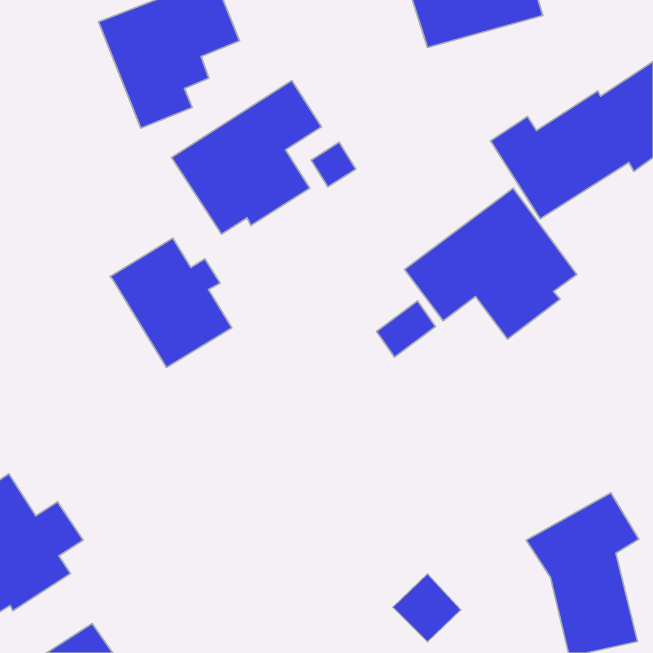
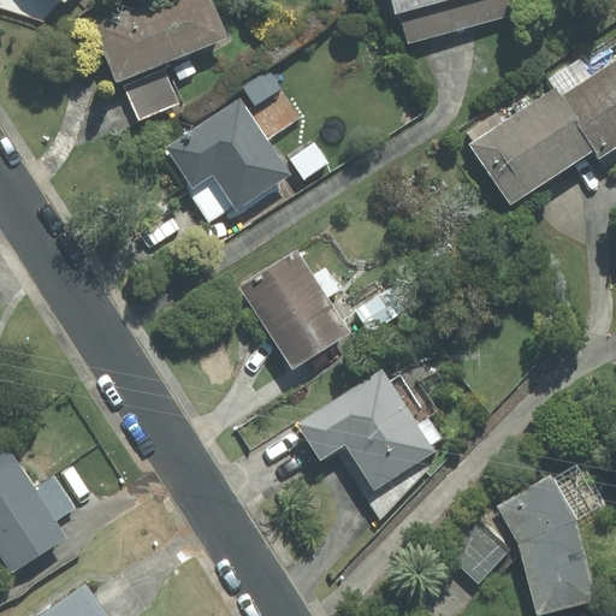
building: [405,188,577,339] -> none
building: [110,238,232,368] -> [237,249,351,371]
building: none -> [298,371,443,492]
building: [393,574,461,642] -> [444,520,508,584]

